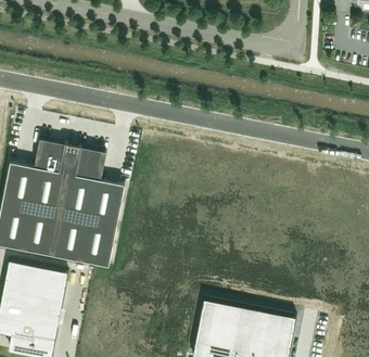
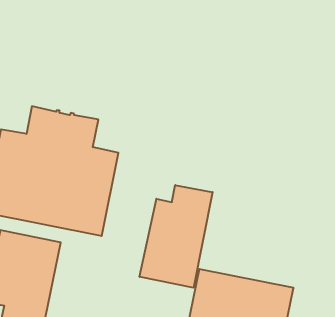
building: none -> [140,185,213,288]

